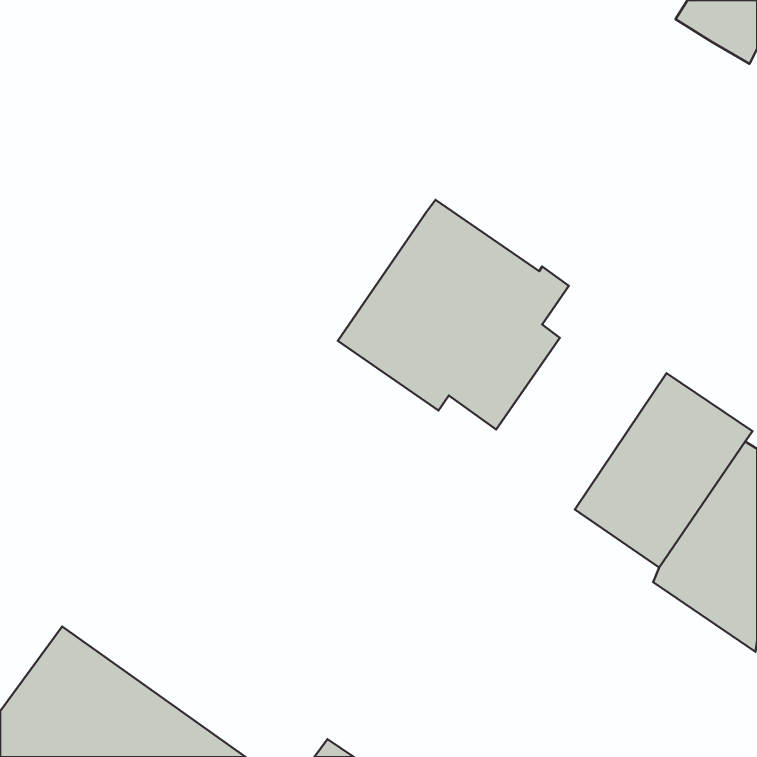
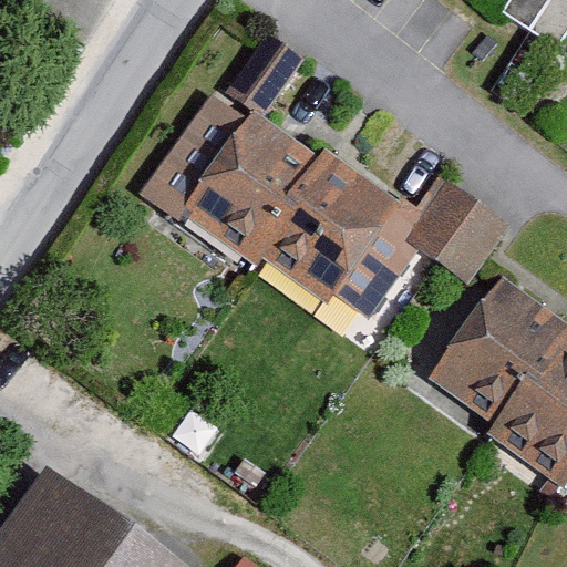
building: none -> [137,32,319,259]
building: none -> [405,183,509,286]

